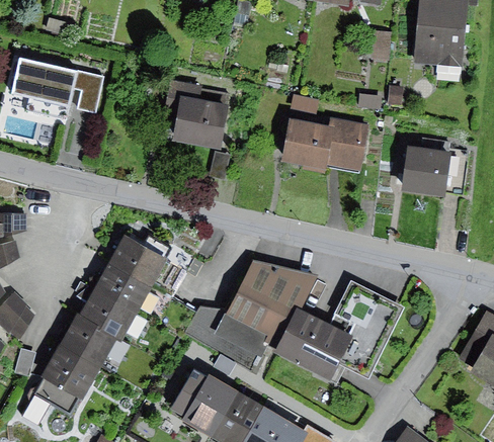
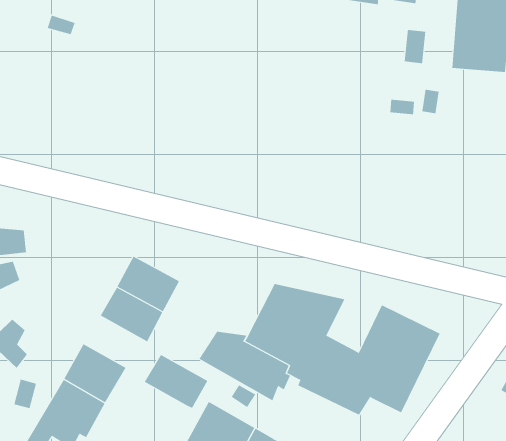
building: [6,55,105,114] -> none
building: [163,78,232,150] -> none
building: [281,118,368,171] -> none
building: [401,137,454,197] -> none
building: [78,290,137,340] -> [144,354,208,408]

